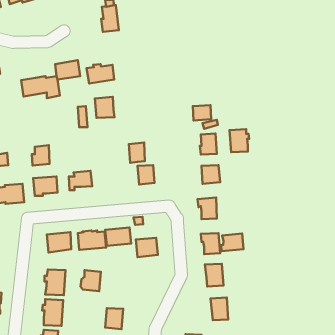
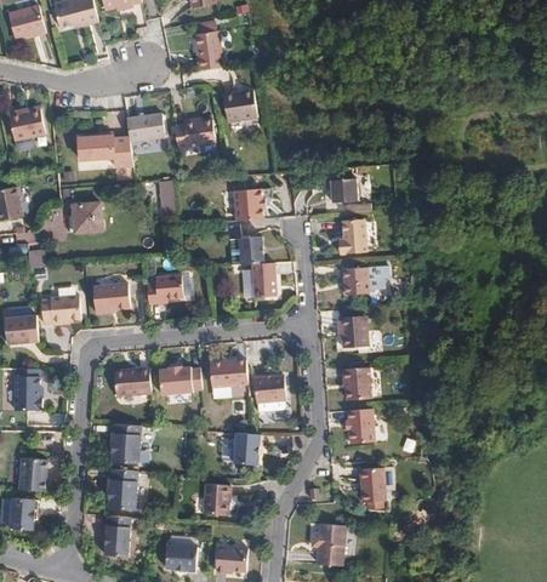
building: none -> [222,89,257,121]
building: [95,97,114,118] -> [230,187,260,218]
building: [229,129,249,152] -> none
building: [32,145,50,165] -> [73,200,99,230]
building: [221,234,243,251] -> none
building: [81,270,101,291] -> [229,433,260,464]

